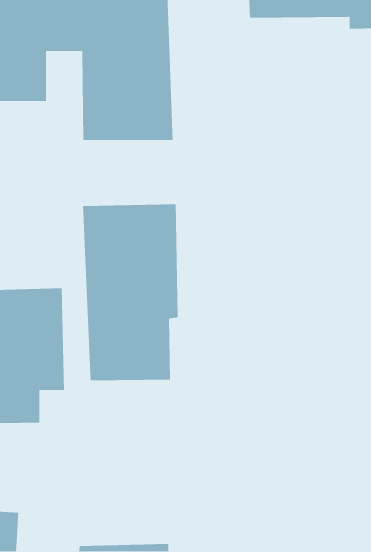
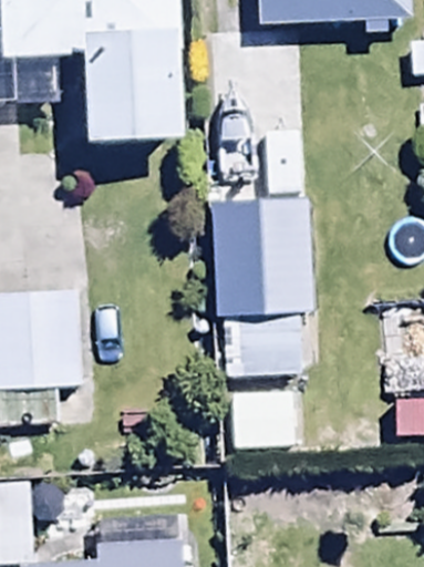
building: [82,203,179,381] -> [214,199,310,377]

